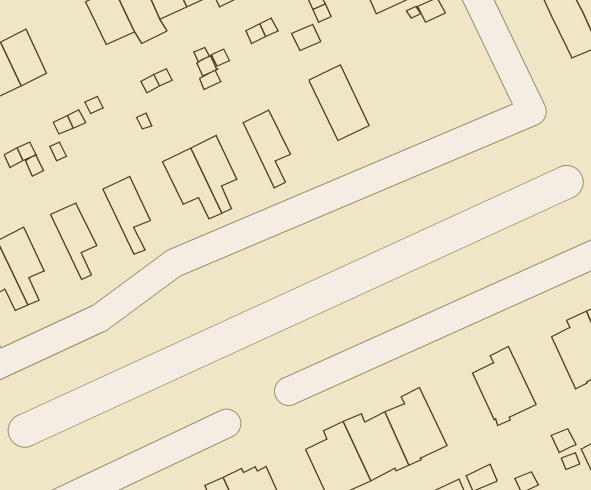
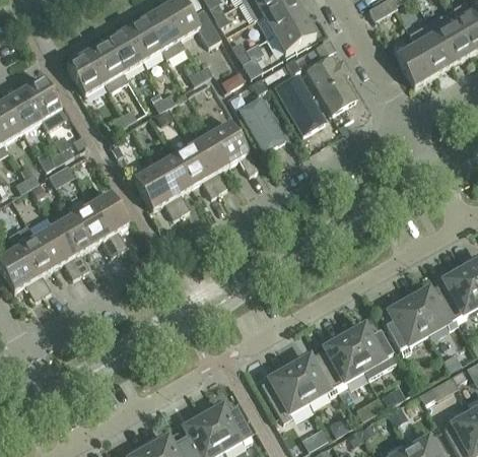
building: none -> [396,43,433,85]
building: none -> [23,76,61,119]
building: none -> [306,53,357,112]
building: none -> [274,71,327,133]
building: none -> [210,121,258,173]
building: none -> [173,143,219,195]
building: none -> [72,202,119,254]
building: none -> [35,224,81,276]
building: none -> [405,283,458,335]
building: none -> [341,319,396,376]

